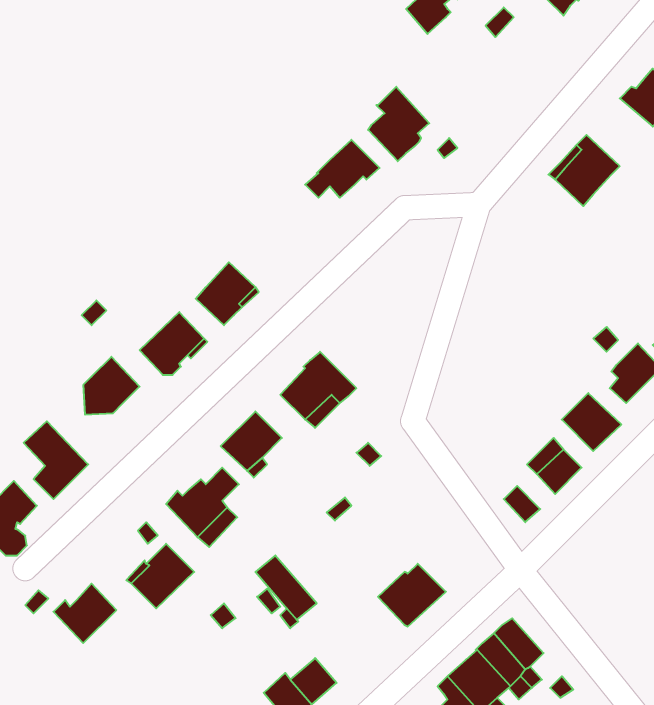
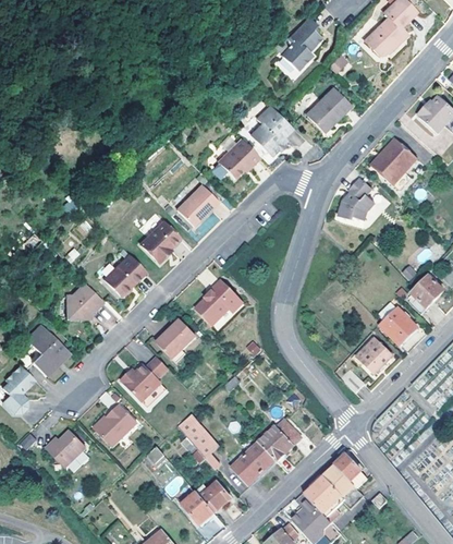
building: none -> [306,87,352,131]
building: none -> [339,177,376,218]
building: none -> [176,184,218,226]
building: none -> [233,440,276,483]

